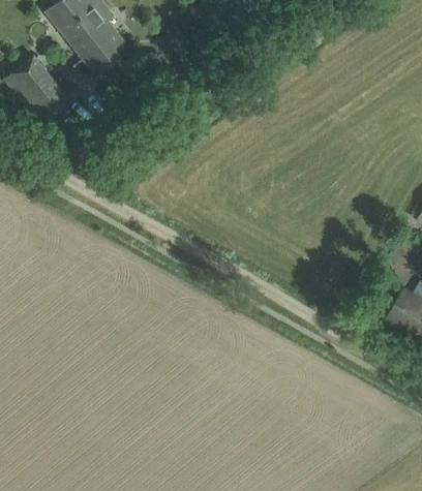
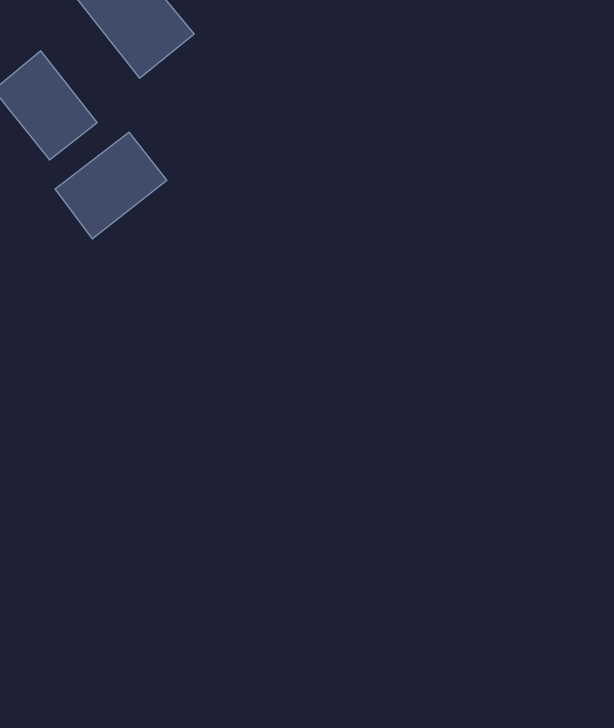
building: none -> [55,132,167,239]

